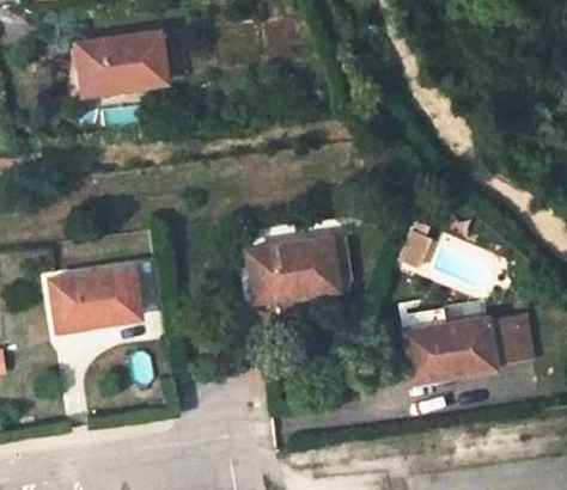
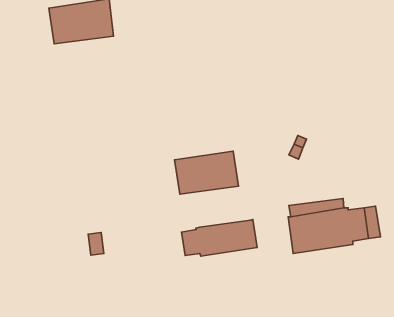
building: [50,270,139,331] -> none
building: none -> [181,220,257,256]

